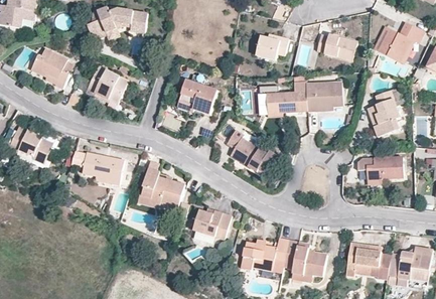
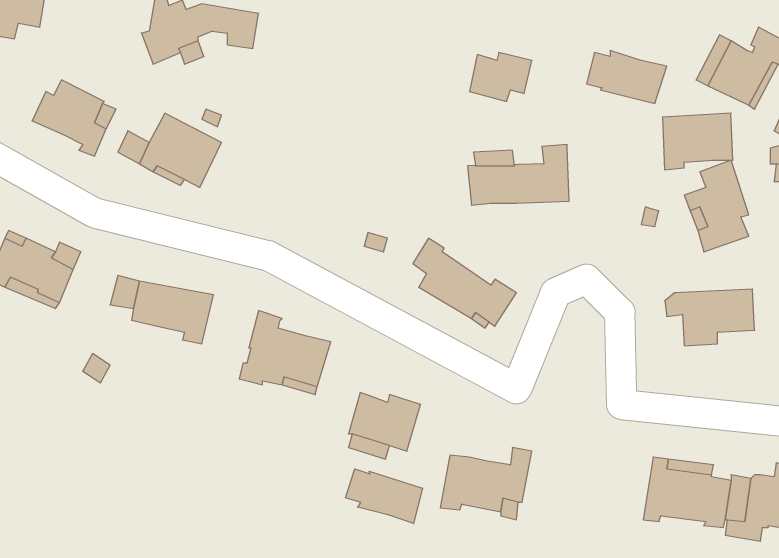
building: [177,80,217,115] -> none
building: [306,82,342,111] -> [663,113,733,170]
building: [283,240,326,282] -> none
building: none -> [346,469,422,524]

